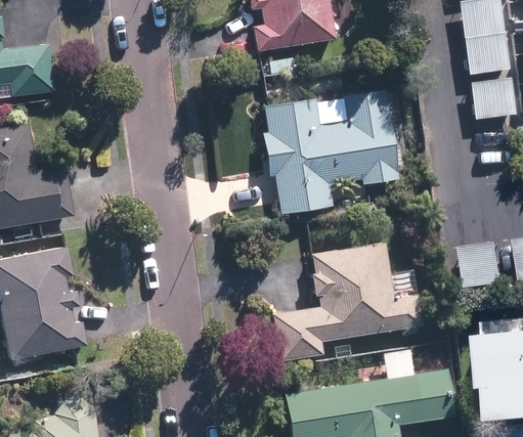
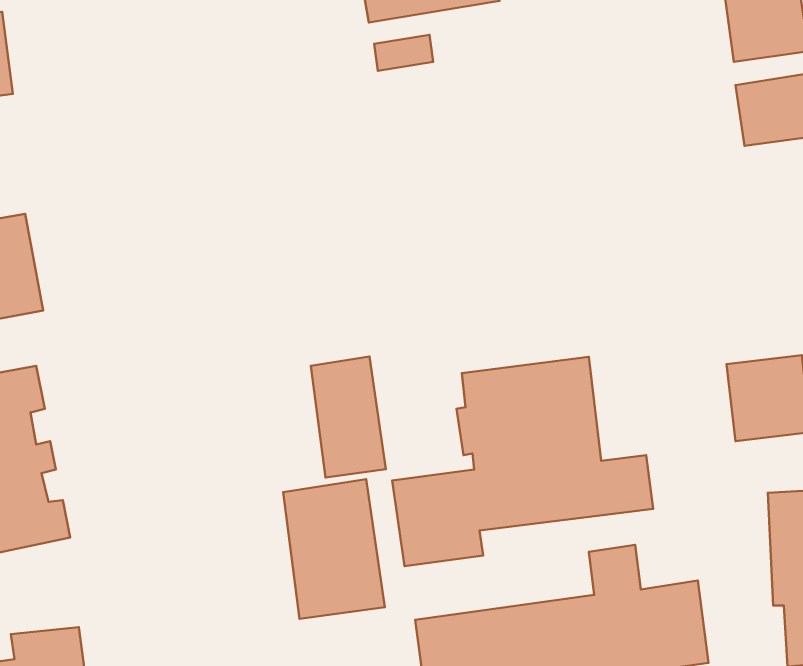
building: [262,91,396,213] -> none
building: none -> [311,357,386,477]
building: none -> [283,479,385,619]

